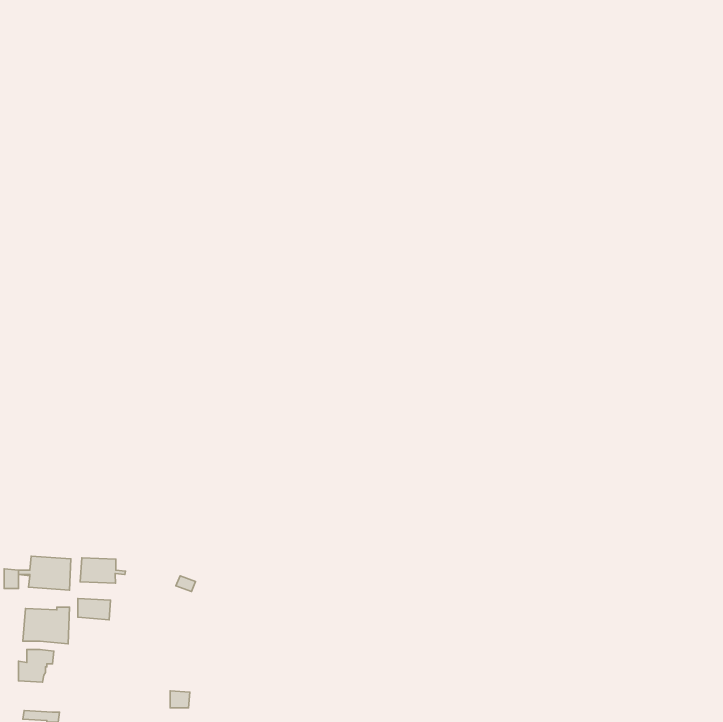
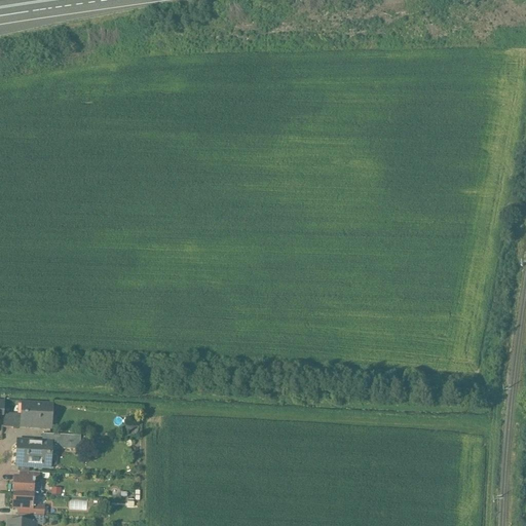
building: [80,558,125,583] -> none
building: none -> [13,493,40,516]

